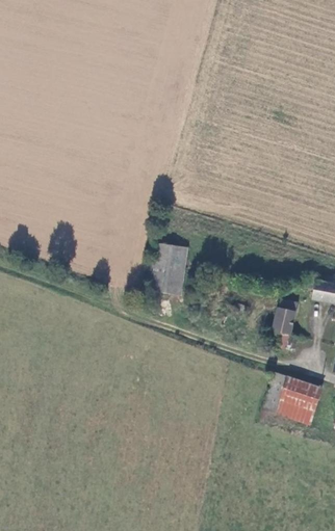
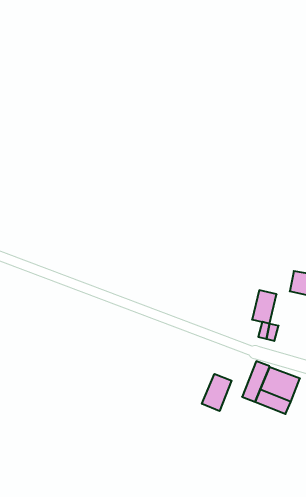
building: [148,242,187,296] -> none
building: none -> [202,374,232,411]

